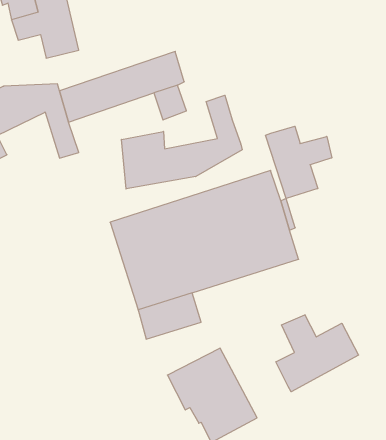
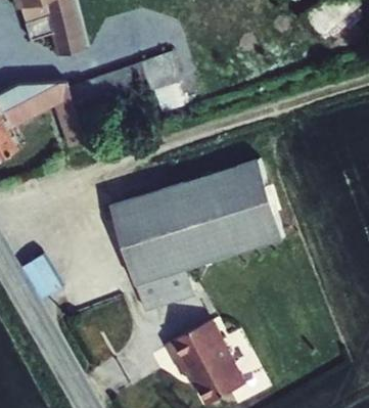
building: [121,95,242,189] -> none
building: [265,126,332,199] -> none
building: [276,315,359,392] -> none

